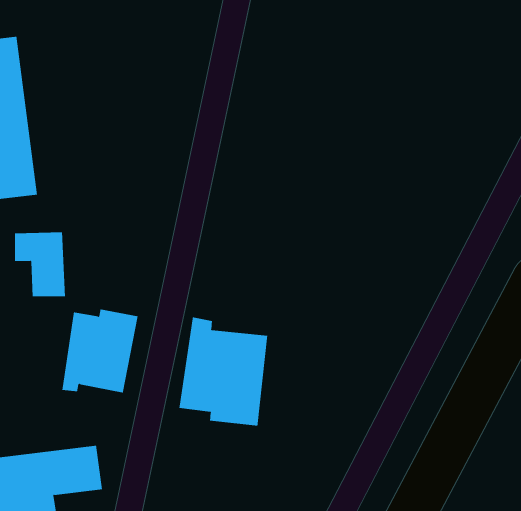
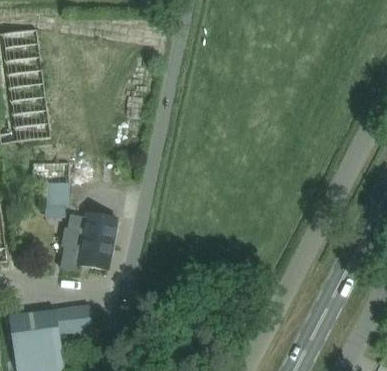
building: [179,316,268,427] -> none

